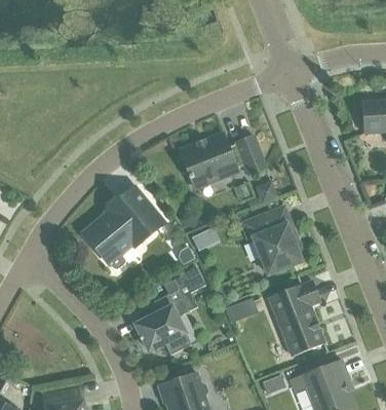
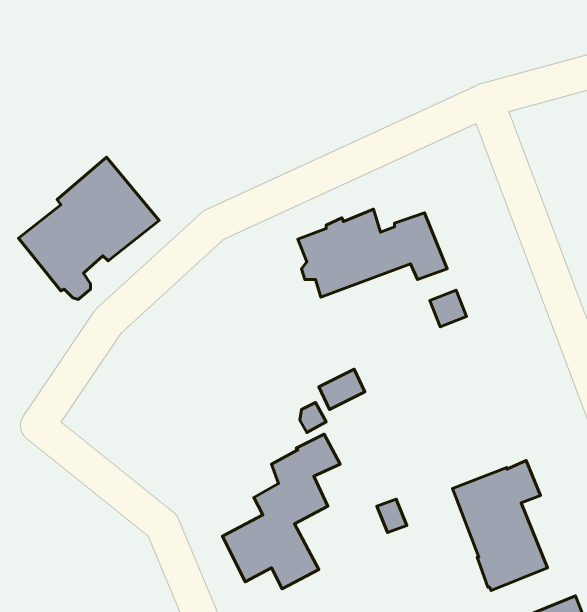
building: [82,186,164,269] -> [19,157,159,300]
building: [242,208,300,273] -> none

